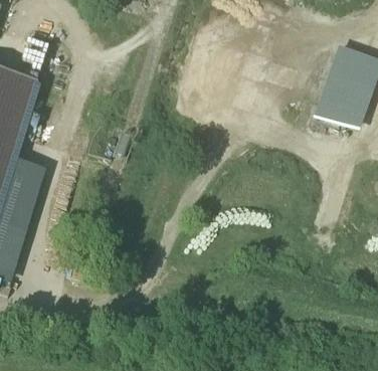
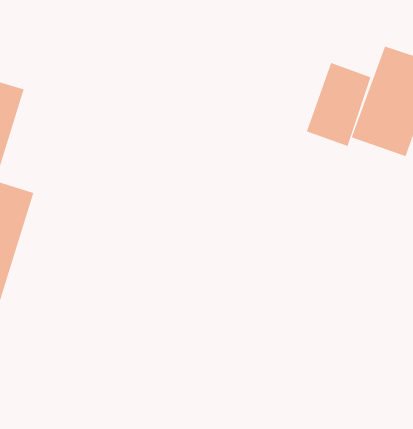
building: none -> [306,62,371,147]

